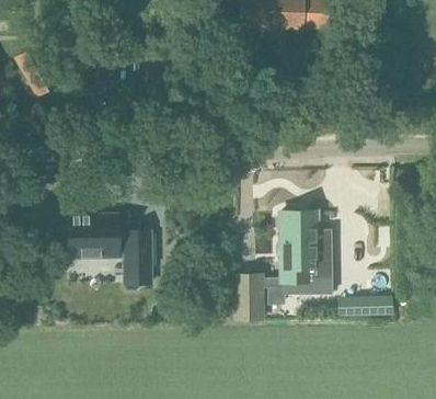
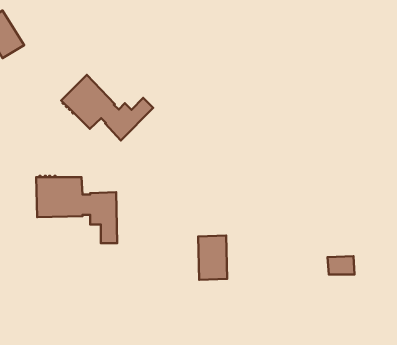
building: none -> [61,75,153,141]
building: [276,209,332,293] -> none

